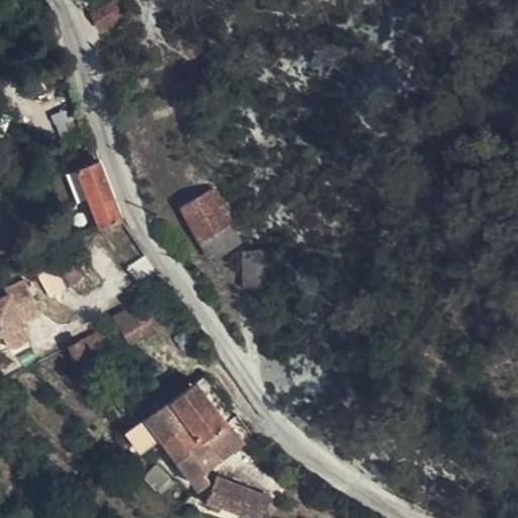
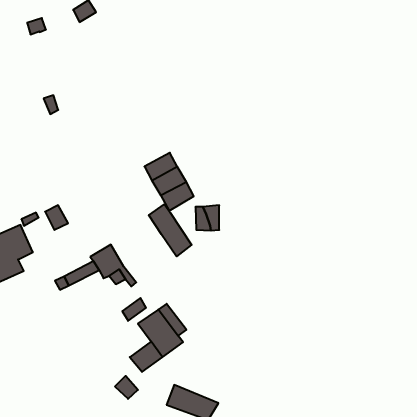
building: [73,154,121,231] -> none
building: none -> [149,204,192,256]
building: [123,402,186,455] -> none
building: [175,425,241,491] -> none

